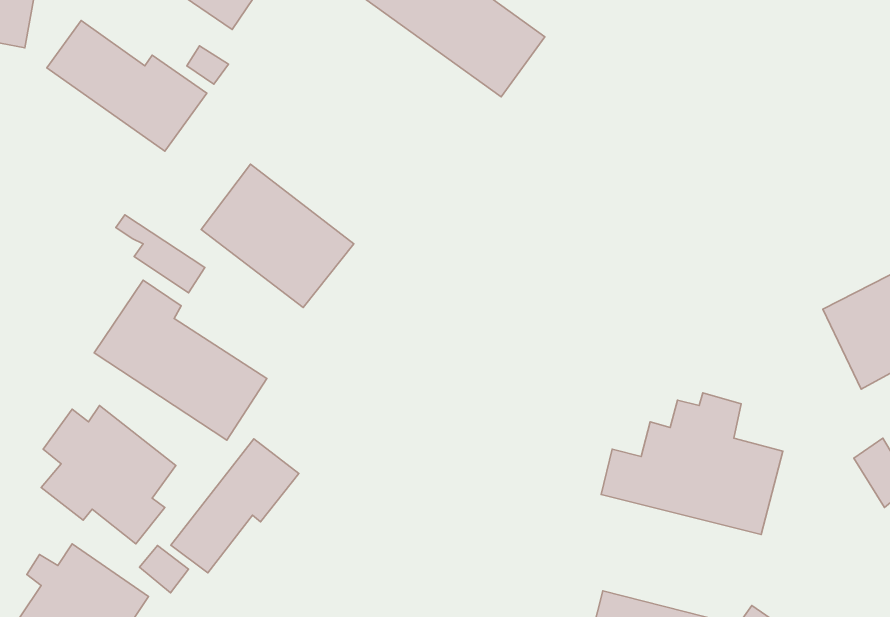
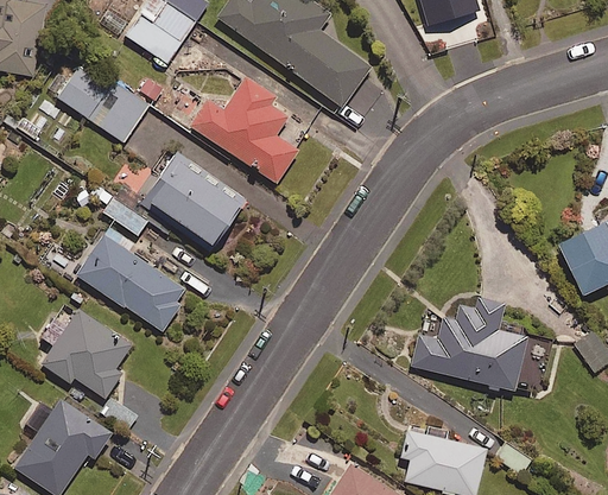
building: none -> [191,77,299,183]
building: [171,439,299,573] -> none

